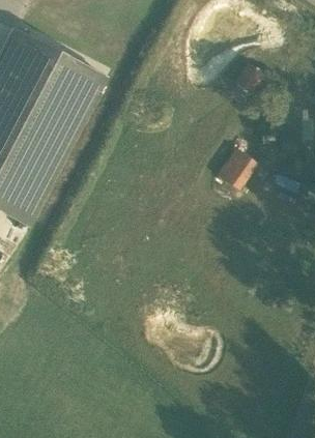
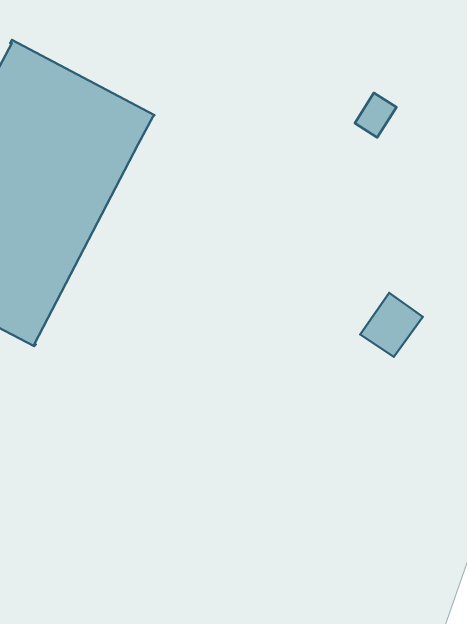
building: [216,145,256,186] -> [360,293,423,357]

